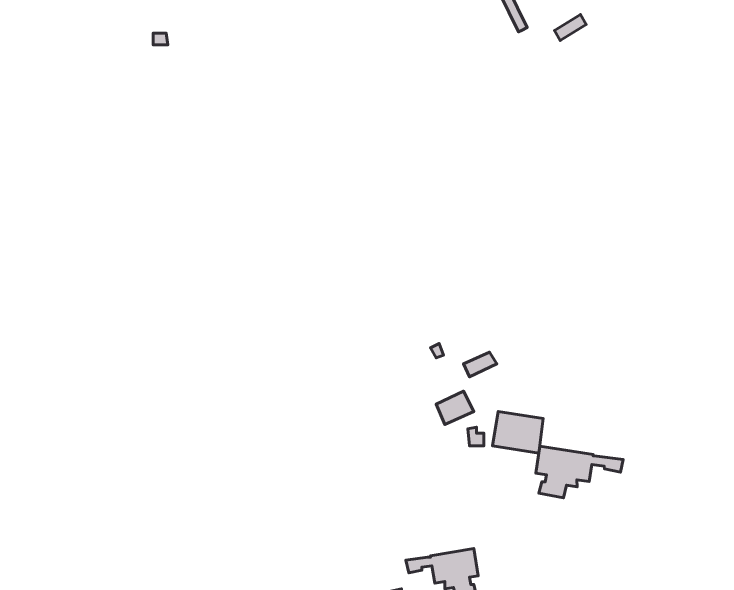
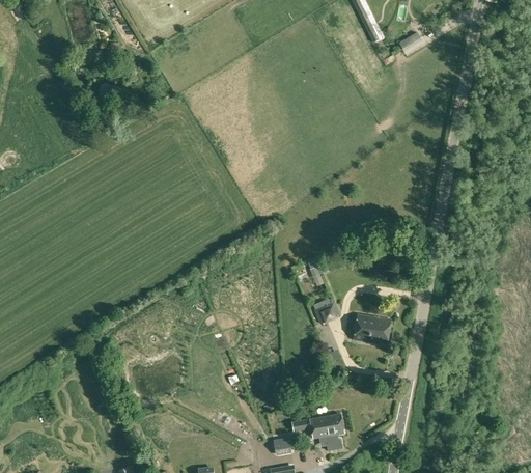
building: [536,446,623,498] -> none

